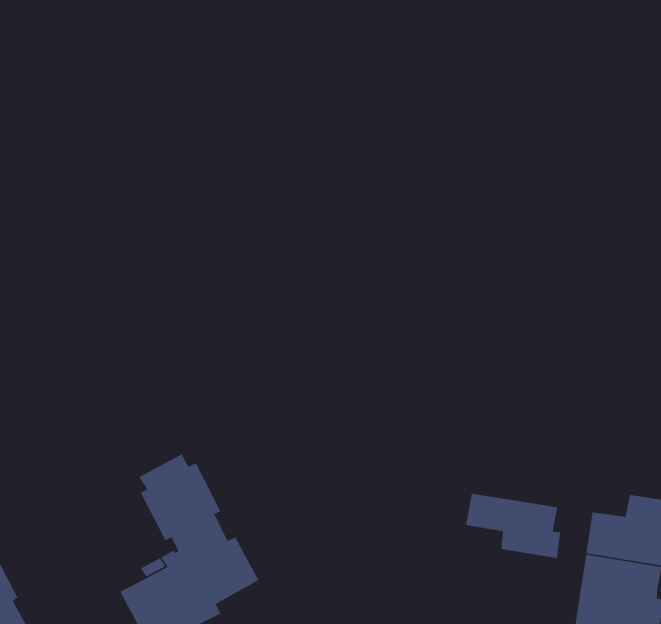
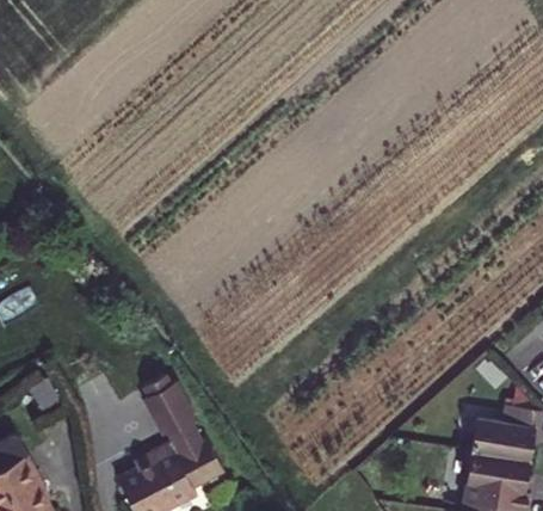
building: [465,493,561,559] -> none

